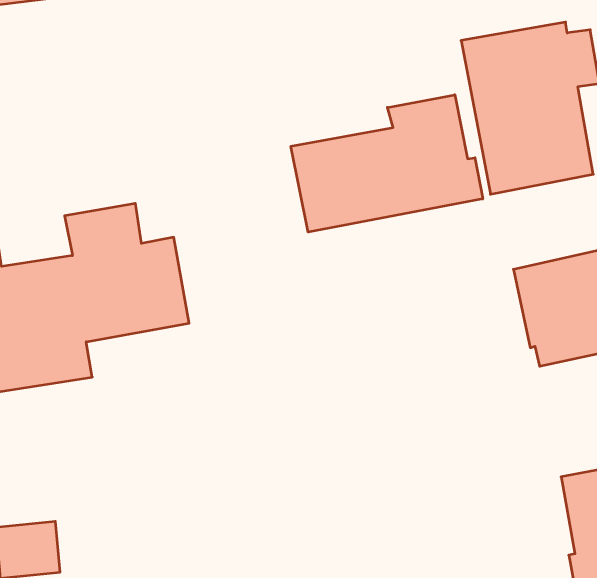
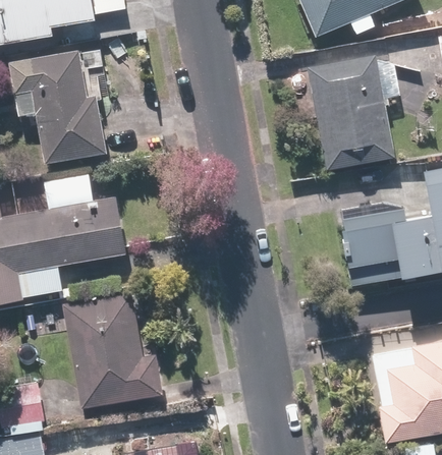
building: none -> [10,50,109,160]
building: [291,95,483,232] -> none
building: none -> [61,291,164,409]

